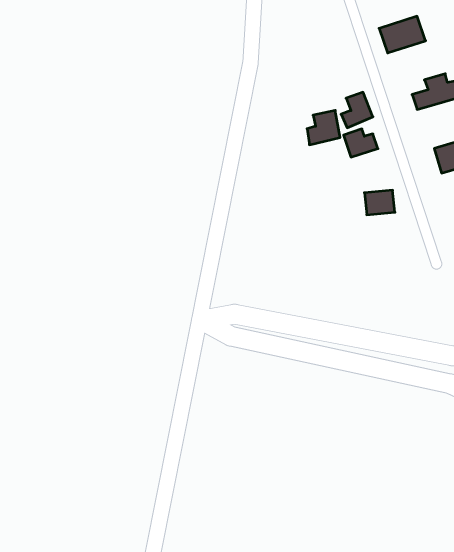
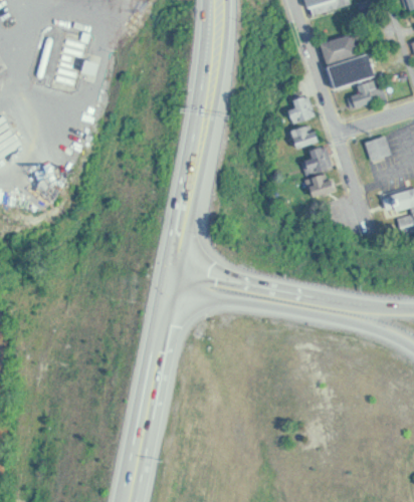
building: none -> [326,54,374,89]
building: [307,110,340,145] -> [302,146,330,174]

